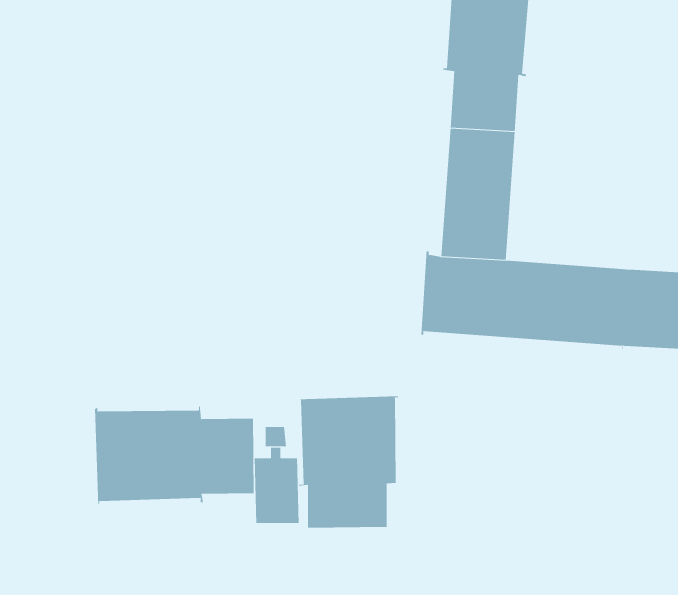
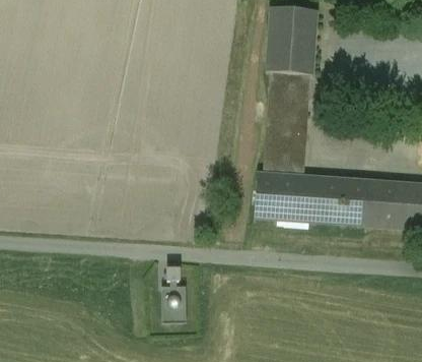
building: [296,395,401,529] -> none
building: [95,405,254,506] -> none

